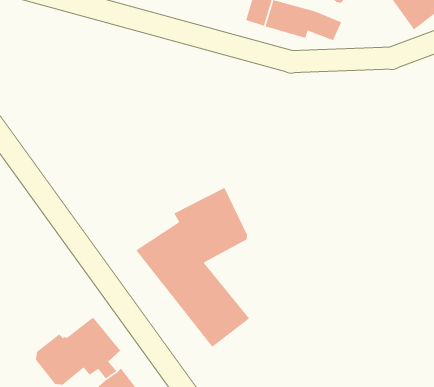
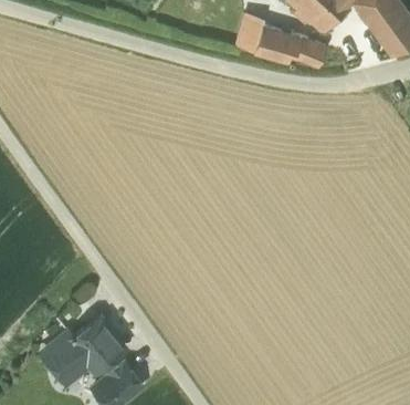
building: [135,187,250,348] -> none

